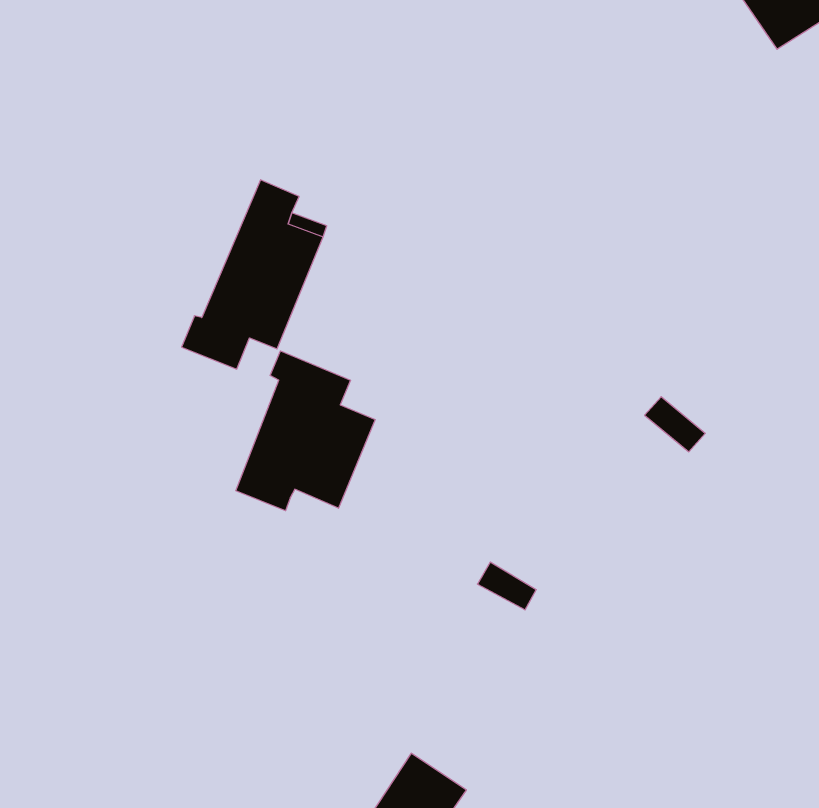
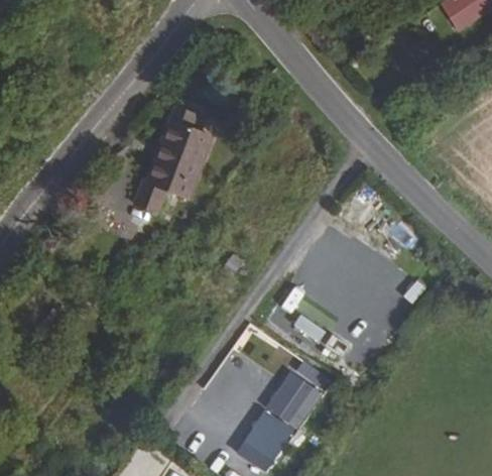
building: [236,351,375,511] -> none
building: none -> [277,375,325,430]

